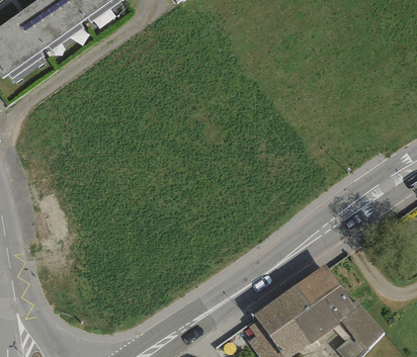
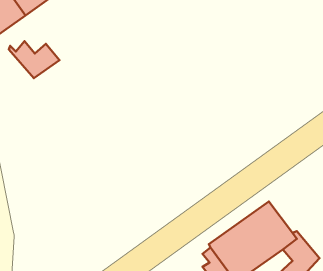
building: none -> [9,41,59,78]

